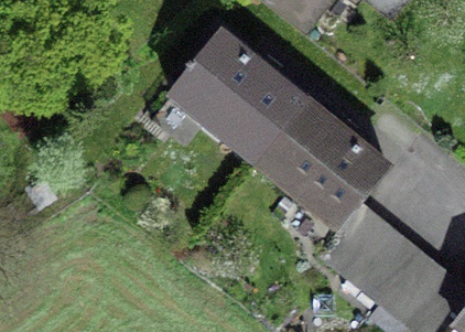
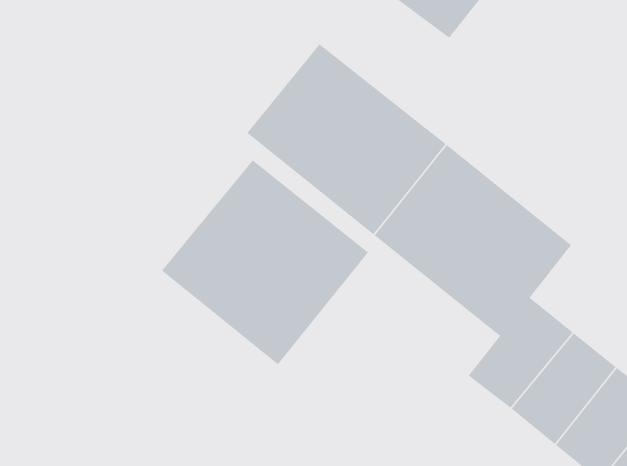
building: none -> [161,159,369,365]

